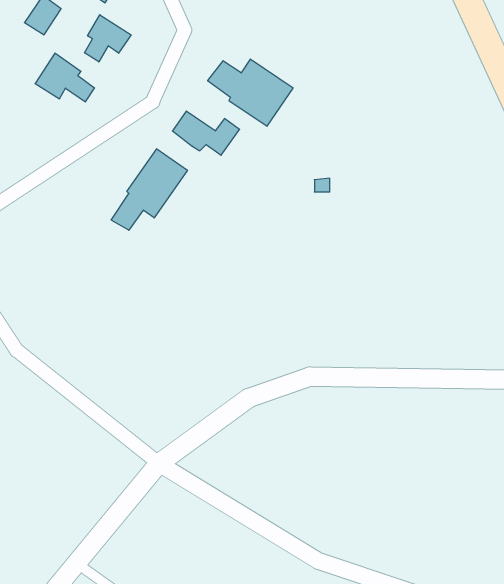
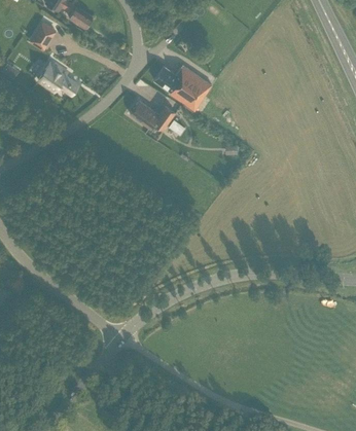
building: [85,15,131,62] -> none
building: [111,149,187,230] -> none

